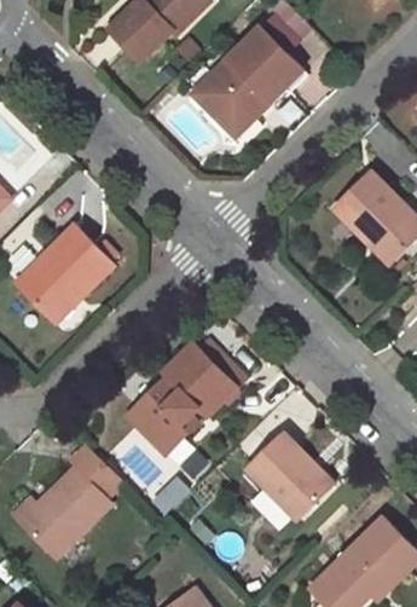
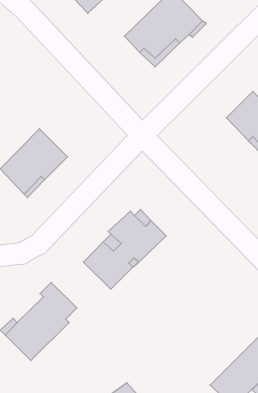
building: [247,433,332,519] -> none

